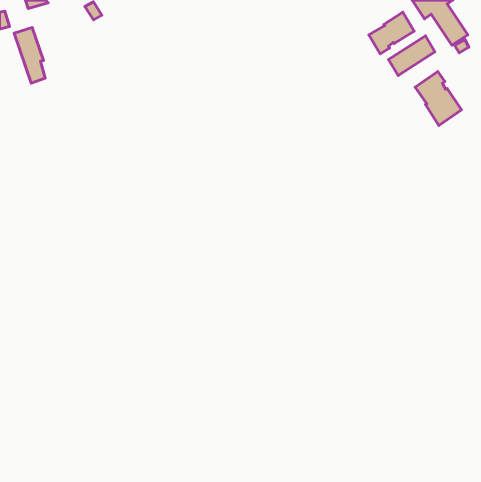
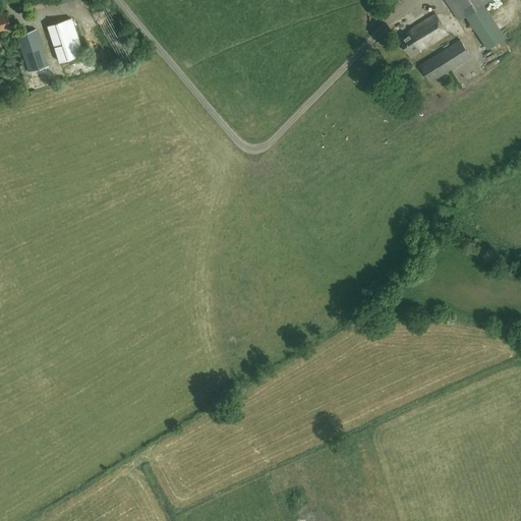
building: none -> [46,13,81,56]
building: [415,72,462,126] -> none

